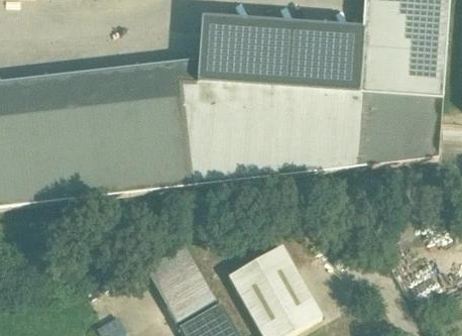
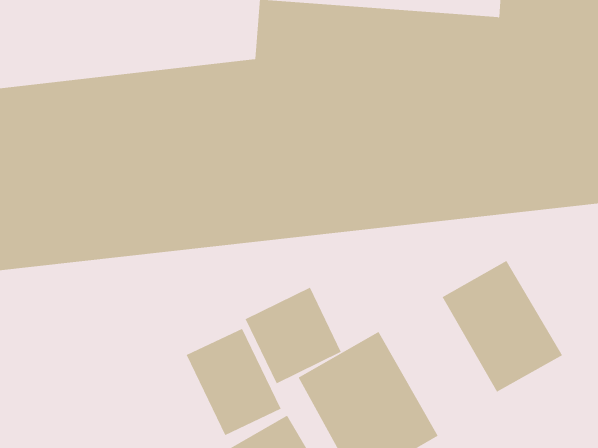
building: none -> [442,260,563,393]
building: none -> [245,287,342,384]

